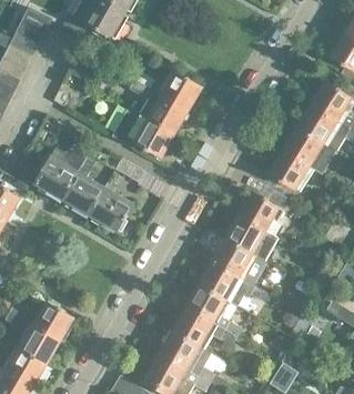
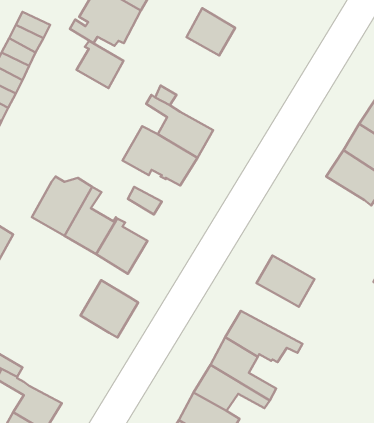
building: none -> [76,41,123,88]
building: [159,71,200,111] -> [186,8,235,56]
building: [267,150,314,190] -> none
building: [236,192,287,252] -> none
building: none -> [80,280,138,338]
building: [210,240,267,291] -> none
building: [31,302,74,341] -> none

